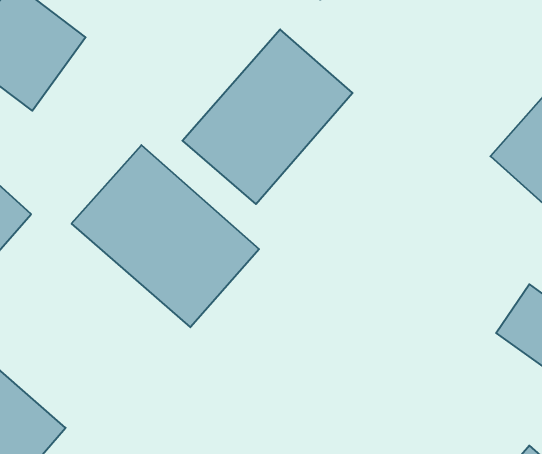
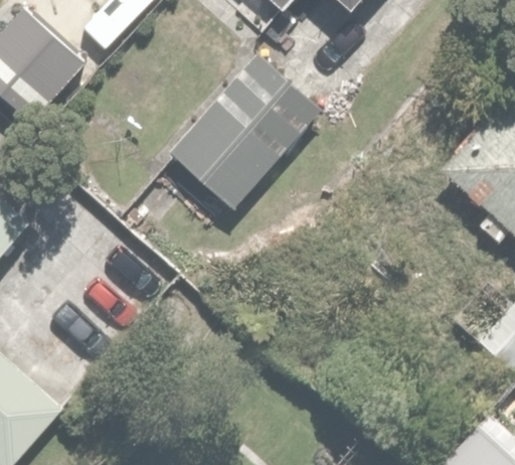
building: [72,145,259,327] -> none

